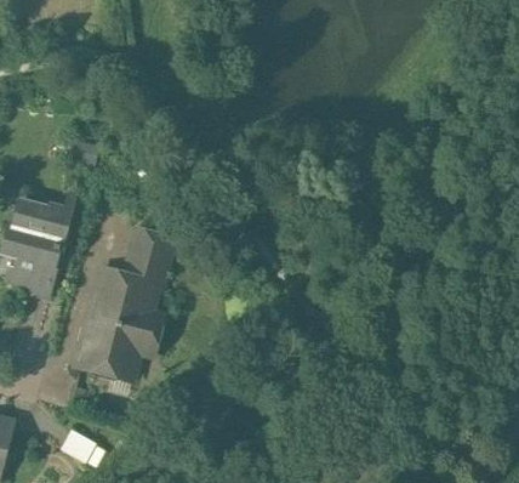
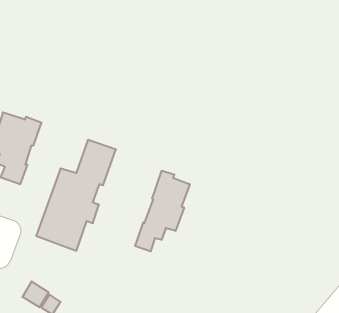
building: none -> [135,171,190,251]

